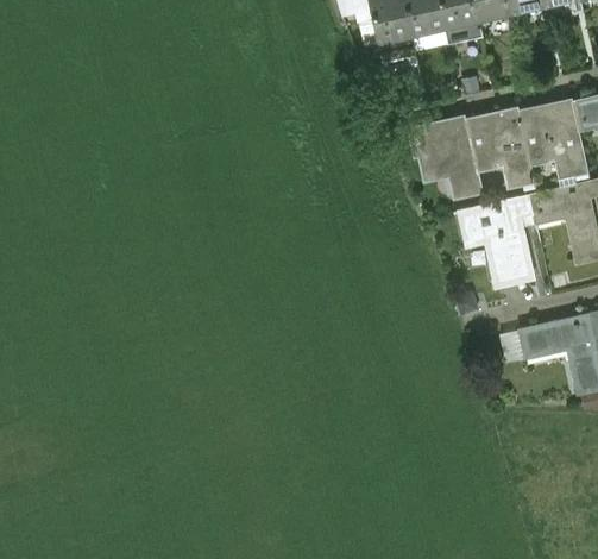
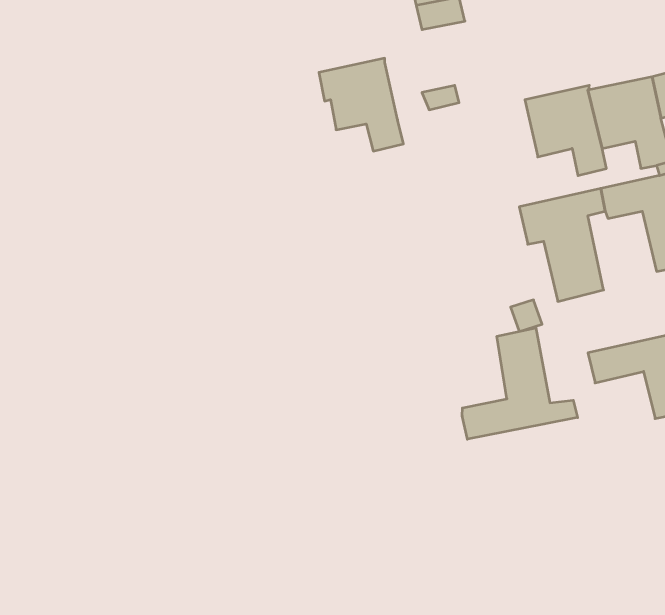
building: [413,119,483,196] -> [319,58,403,151]
building: none -> [462,328,578,439]

